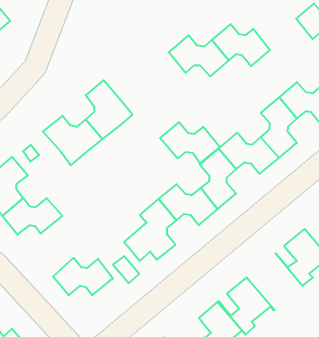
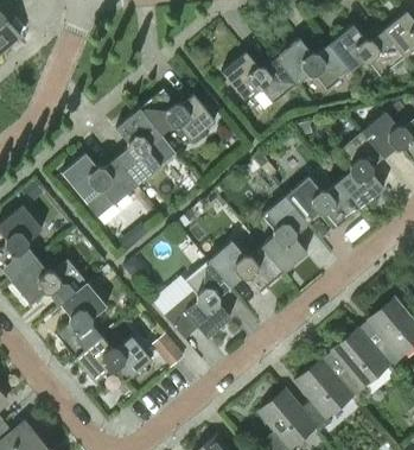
building: none -> [329,24,405,77]
building: [160,122,220,163] -> [139,89,215,141]
building: none -> [56,281,107,359]
building: none -> [320,329,391,401]

